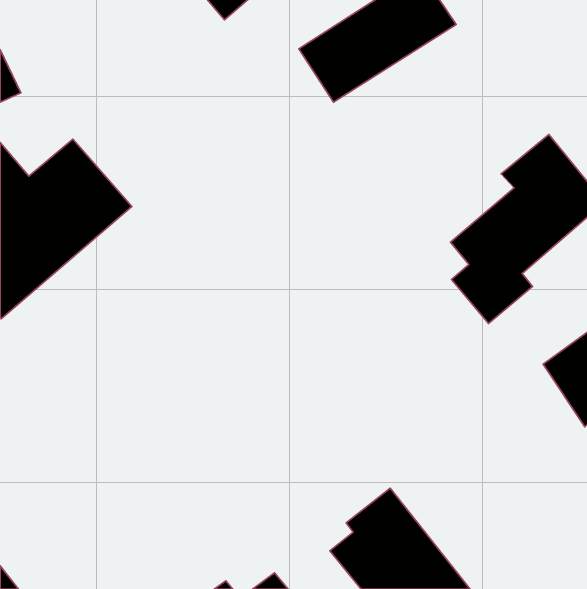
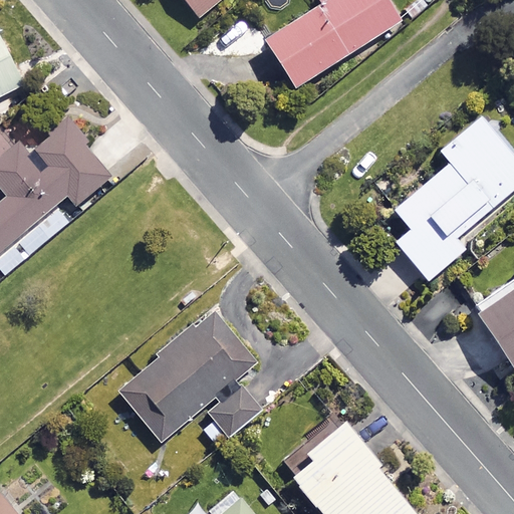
building: none -> [119,312,260,443]

